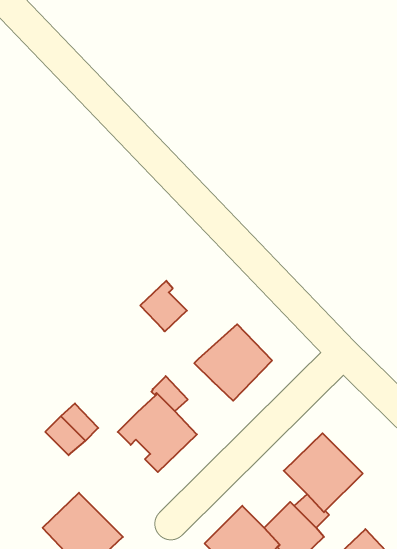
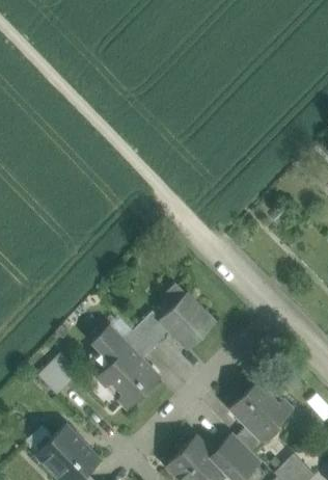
building: [140,281,187,331] -> [134,312,171,352]
building: none -> [92,326,126,361]

